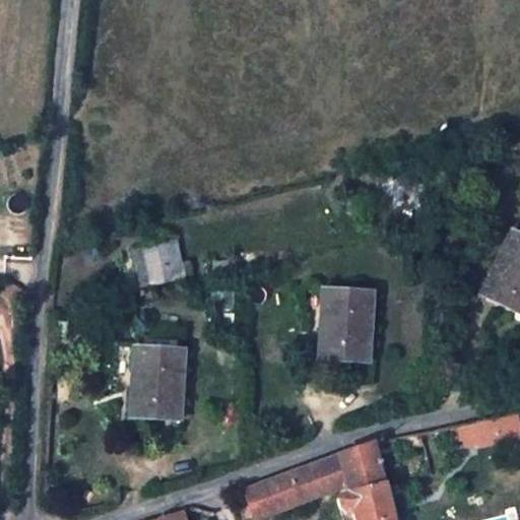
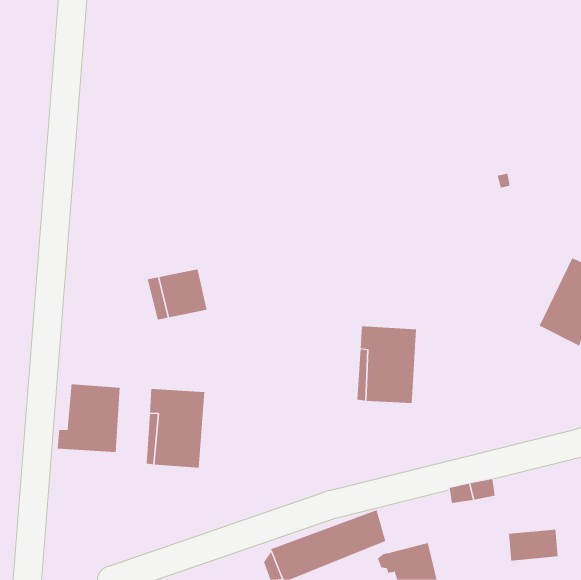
building: none -> [57,384,120,453]
building: [468,417,513,446] -> [508,529,558,561]
building: [337,442,383,493] -> none

